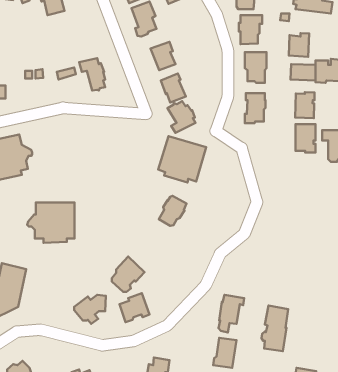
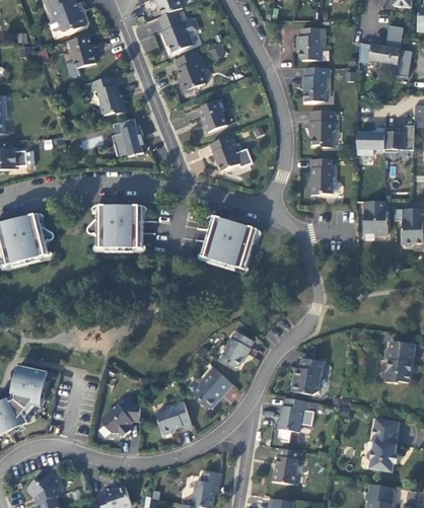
building: none -> [88,79,124,118]
building: [289,33,309,57] -> none
building: [295,92,315,118] -> none
building: [168,101,195,133] -> none
building: [159,196,186,226] -> [224,330,257,365]
building: [27,202,74,243] -> [90,202,146,249]
building: none -> [382,344,413,386]
building: [112,257,145,292] -> [198,364,236,406]
building: none -> [291,361,322,397]
building: [261,306,288,351] -> [365,421,397,475]

